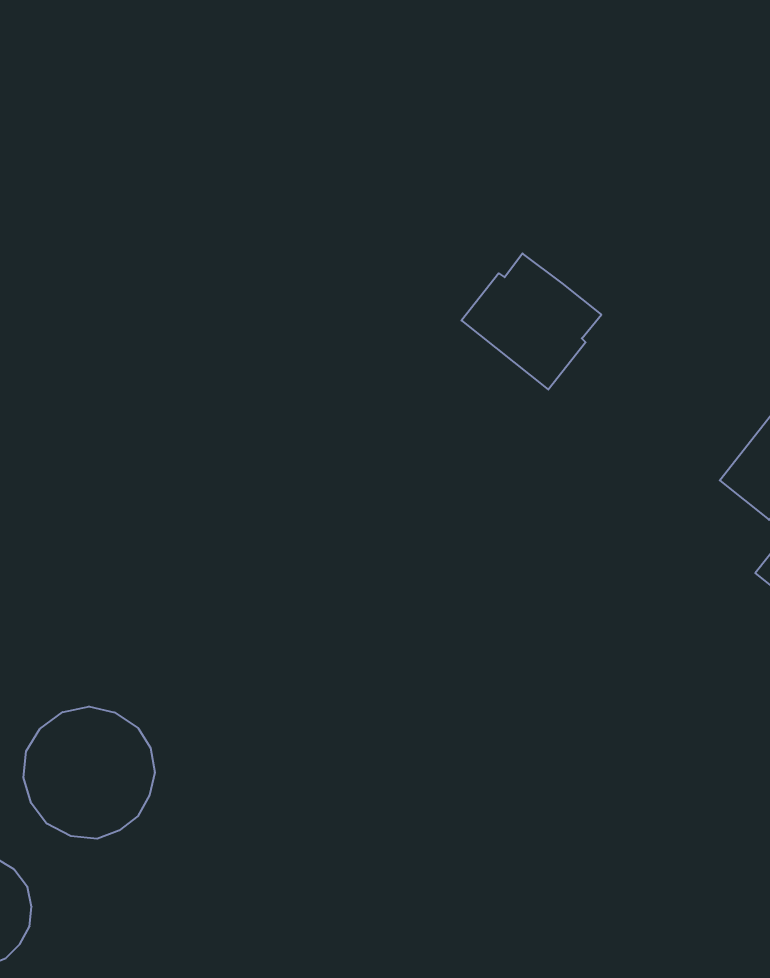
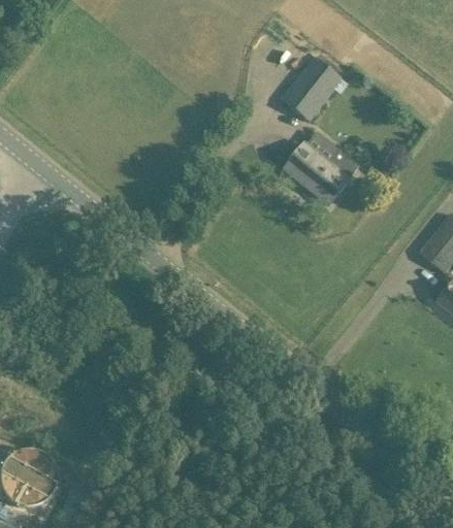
building: none -> [281,58,339,121]
building: [24,706,155,839] -> none

